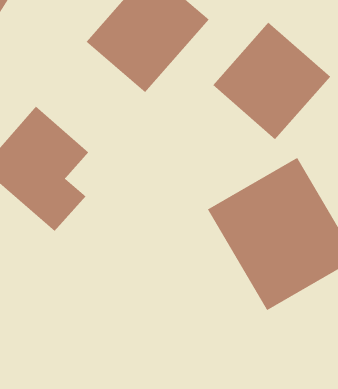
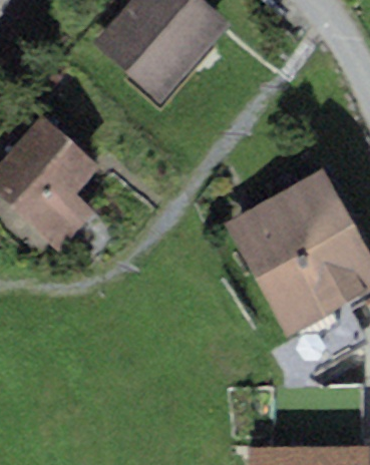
building: [212,22,331,140] -> none

